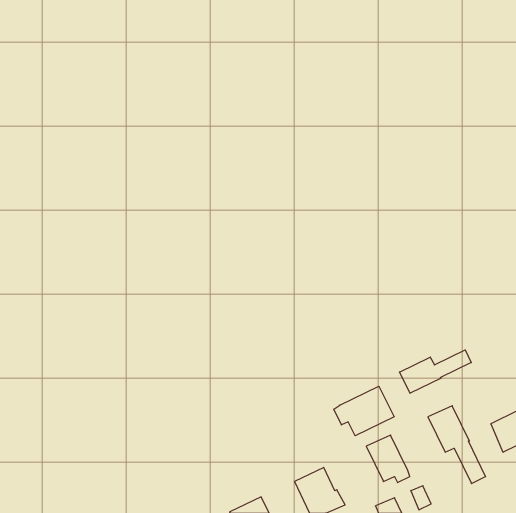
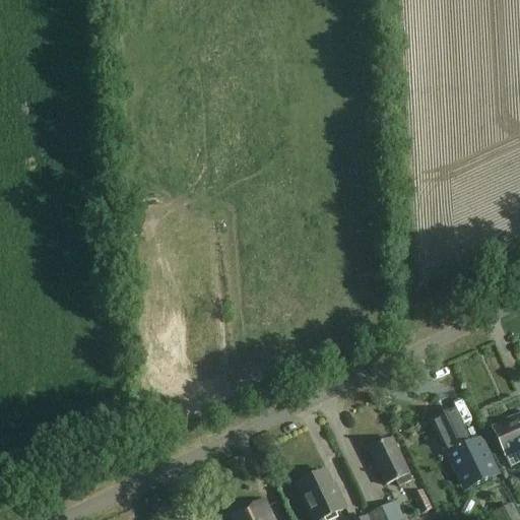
building: [399,350,471,393] -> none
building: [334,386,394,436] -> none

